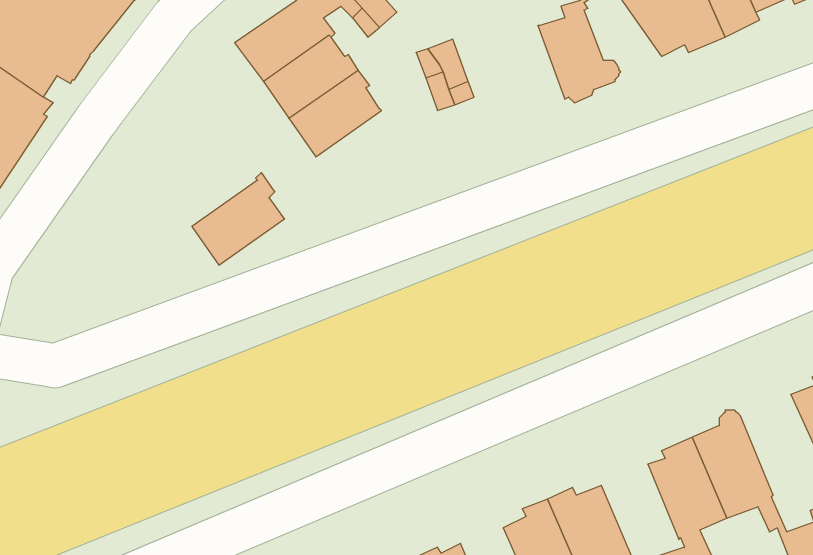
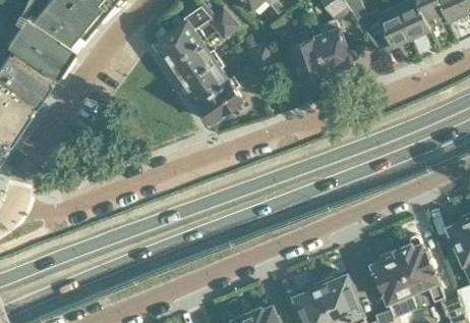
building: none -> [288,29,328,82]
building: [192,172,285,265] -> [196,74,245,123]

